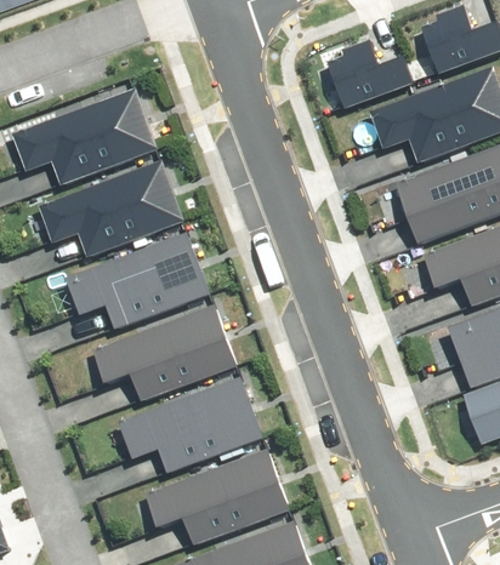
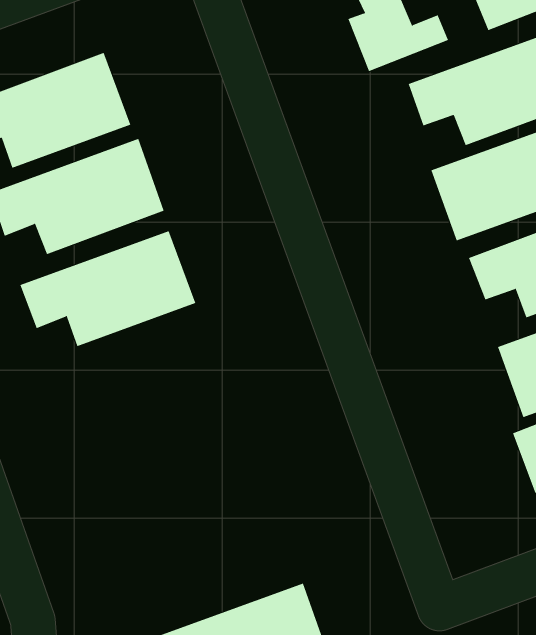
building: [92,306,234,398] -> none
building: [119,379,261,473] -> none
building: [143,447,285,540] -> none

